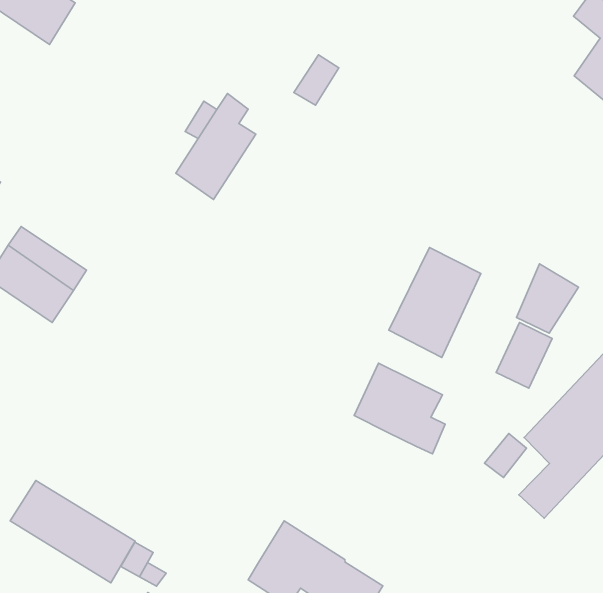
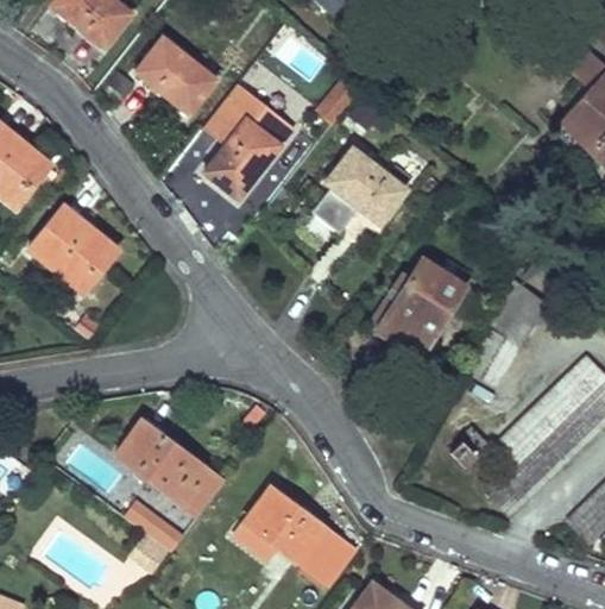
building: none -> [138,39,218,112]
building: none -> [314,150,405,234]
building: [354,363,445,454] -> none
building: [10,480,135,583] -> [115,420,223,516]

